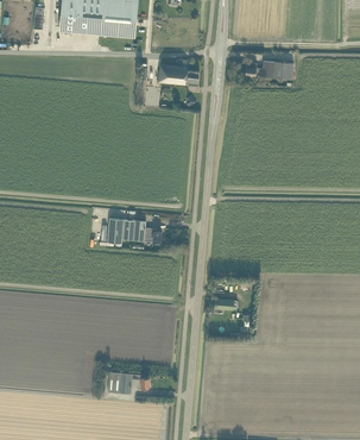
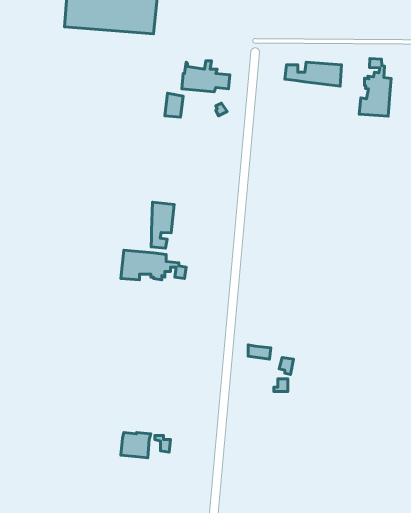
building: none -> [359,59,391,116]
building: none -> [151,202,174,248]

